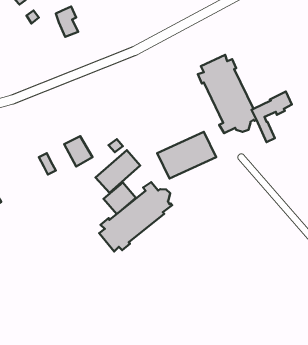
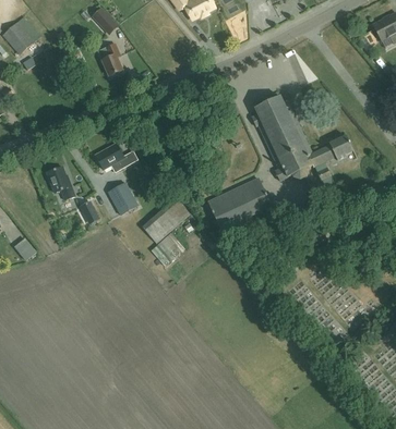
building: none -> [95,143,136,172]
building: none -> [46,166,74,198]
building: [99,182,172,251] -> none

